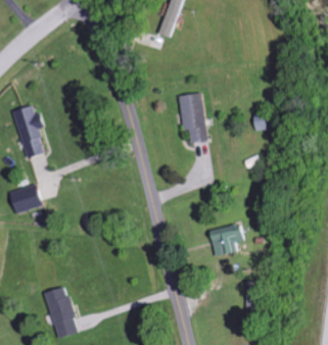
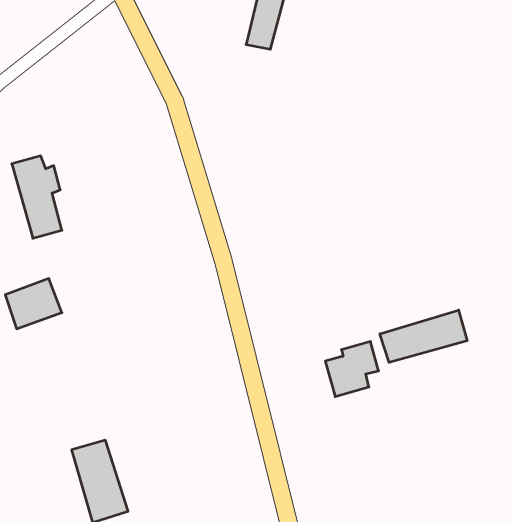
building: [176,94,203,143] -> none
building: none -> [380,310,467,362]

